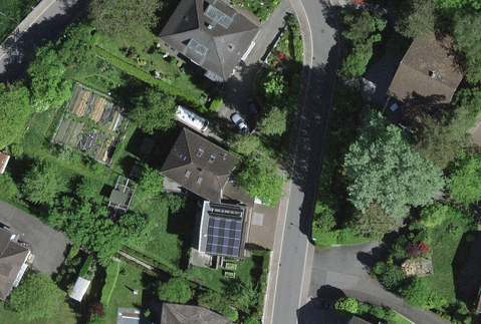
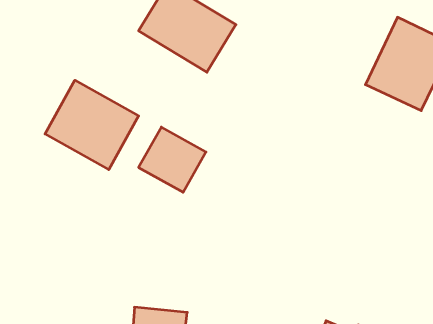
building: none -> [45,80,139,170]
building: [197,205,243,258] -> none

